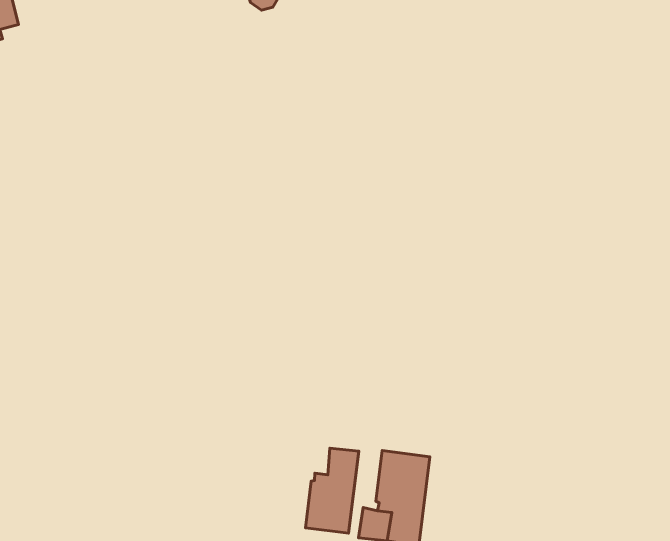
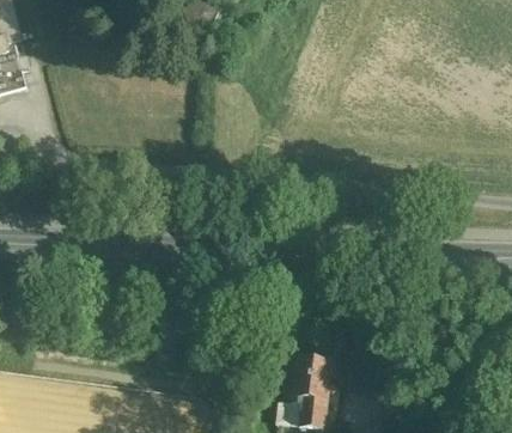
building: [305,448,359,533] -> none

